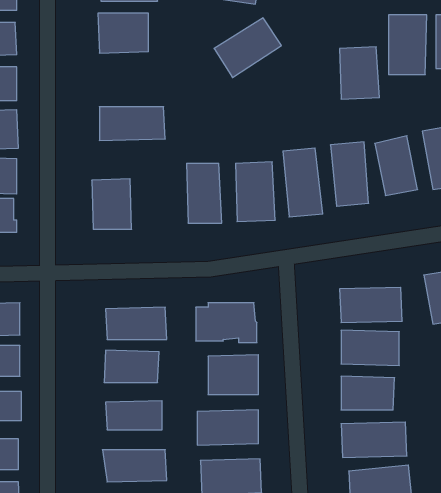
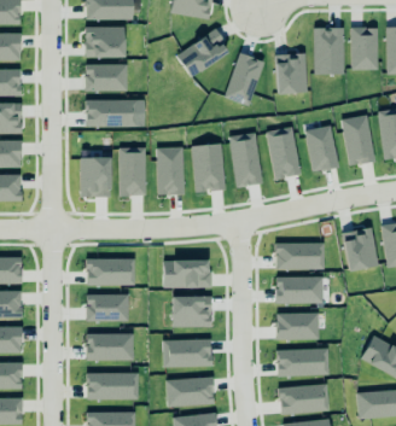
building: none -> [225,53,264,106]
building: none -> [85,64,127,91]
building: none -> [120,147,146,196]

